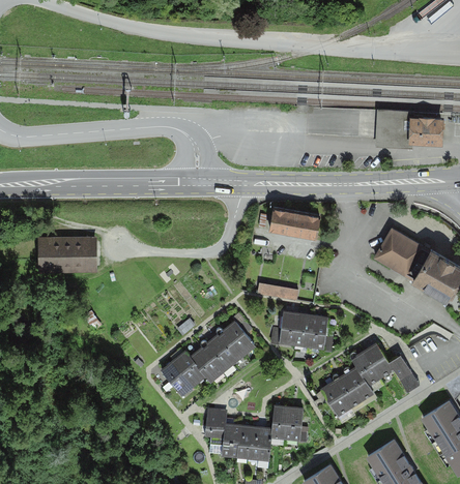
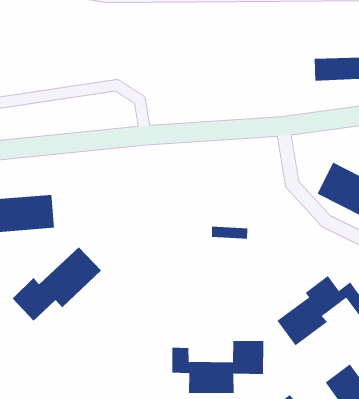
building: [267,208,319,240] -> none
building: [281,313,327,349] -> none
building: [161,321,257,395] -> [12,247,102,321]

